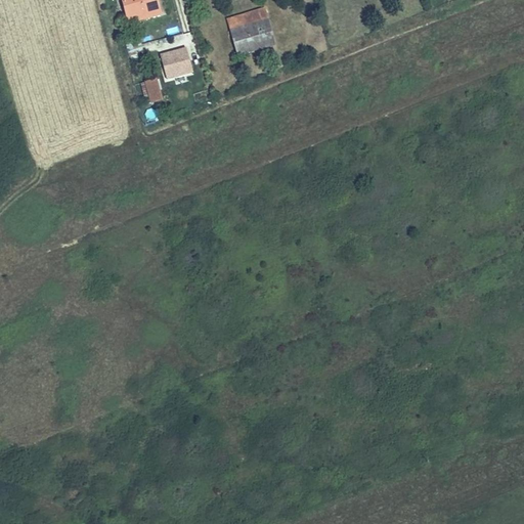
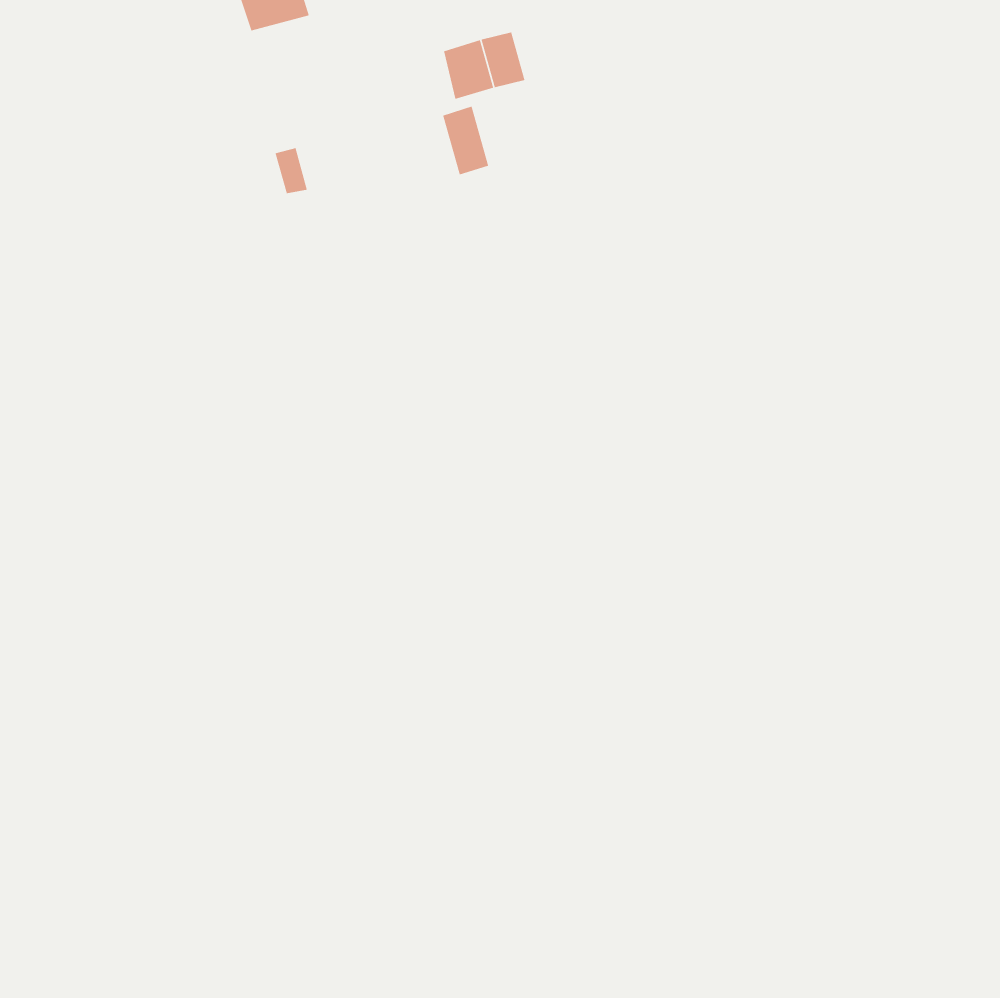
building: [160,48,191,77] -> none
building: none -> [442,106,489,176]

